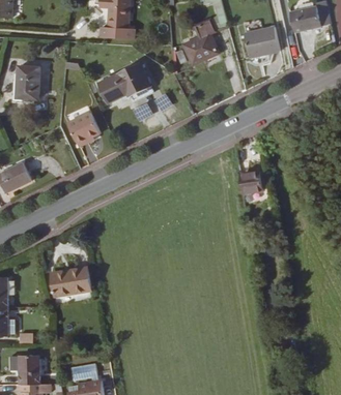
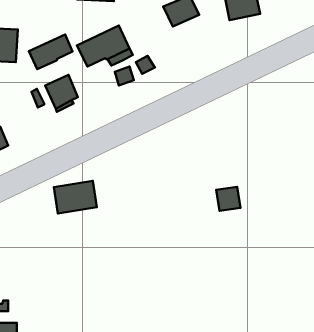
building: none -> [29,35,73,69]
building: [239,171,263,194] -> [216,187,240,211]
building: [50,266,92,298] -> [54,181,97,214]

